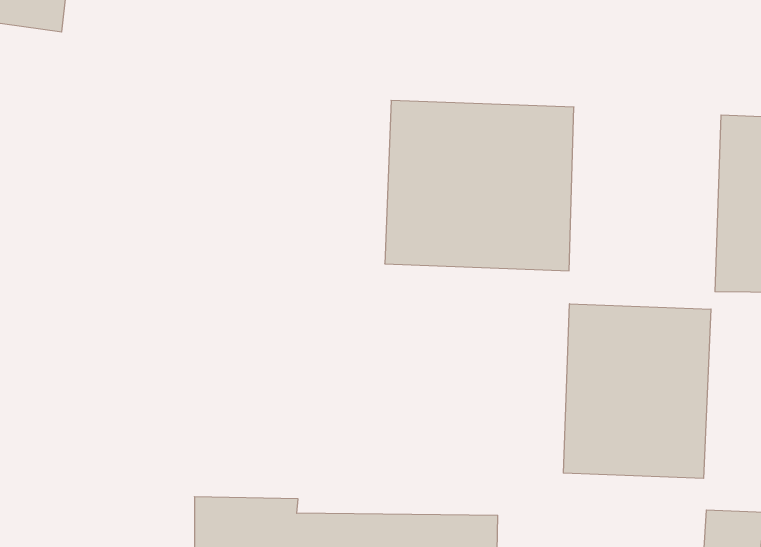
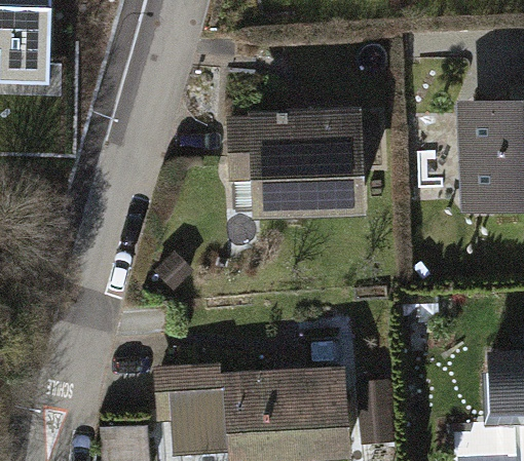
building: [563,304,711,478] -> none

